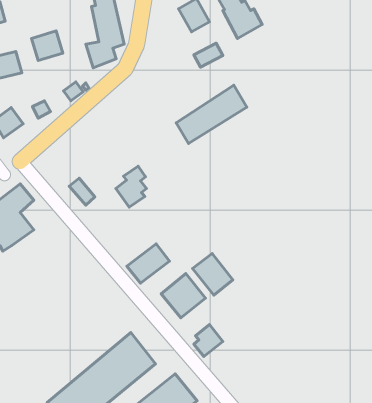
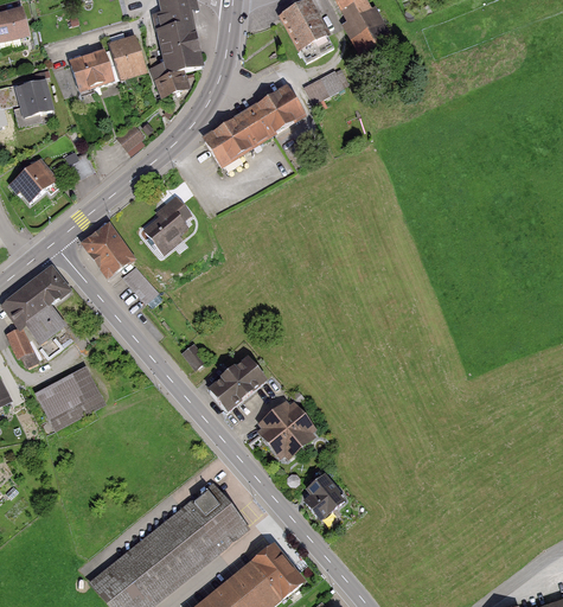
building: none -> [107,33,146,83]
building: [176,85,247,143] -> [203,83,305,167]
building: none -> [83,222,133,276]
building: [116,166,146,207] -> [142,196,186,255]
building: none -> [33,365,104,429]
building: [193,254,233,295] -> none

